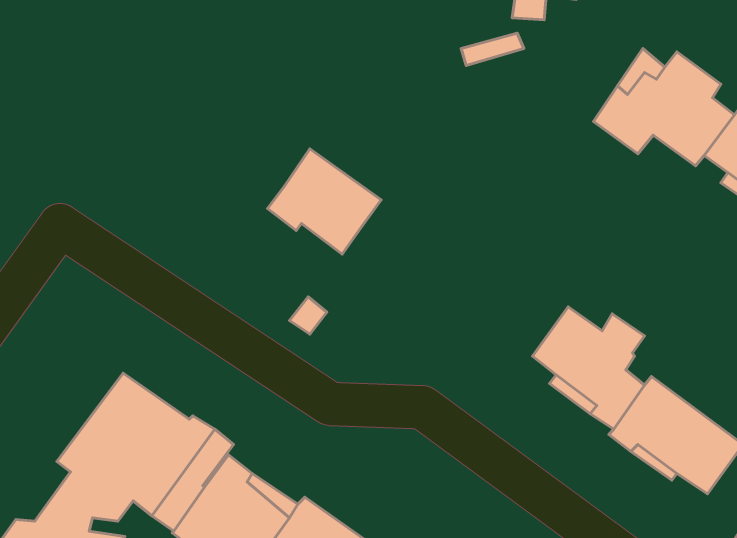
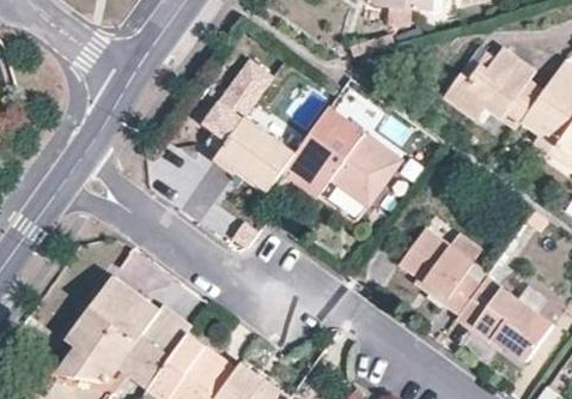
building: none -> [200,58,274,143]
building: none -> [281,107,402,206]

